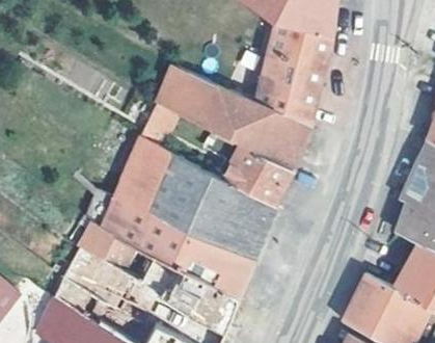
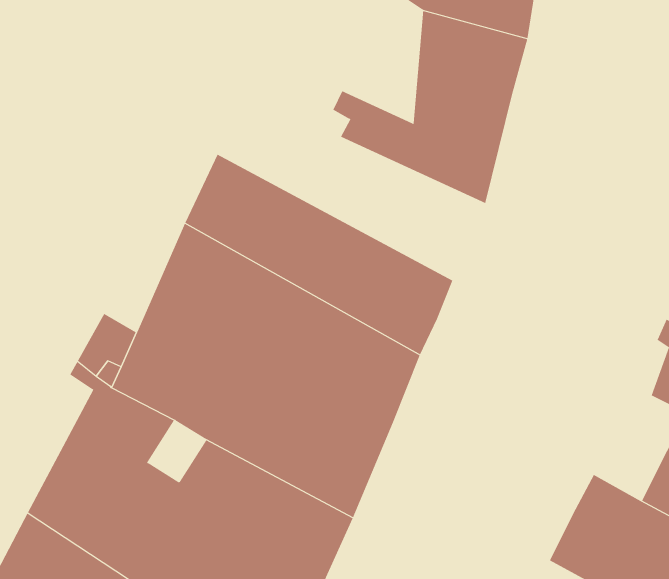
building: [161,71,306,173] -> none

